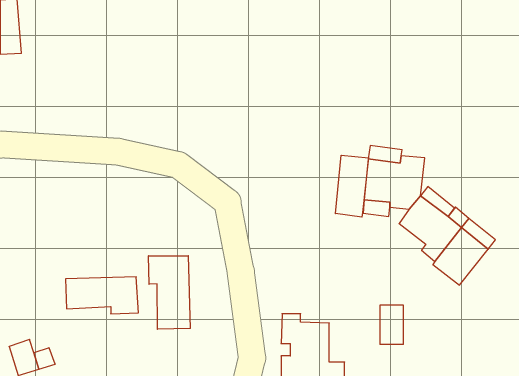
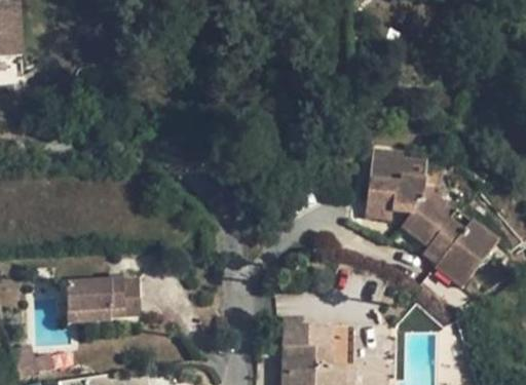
building: [335,155,368,217] -> none
building: [149,256,190,329] -> none
building: [380,305,403,344] -> [330,325,353,364]

